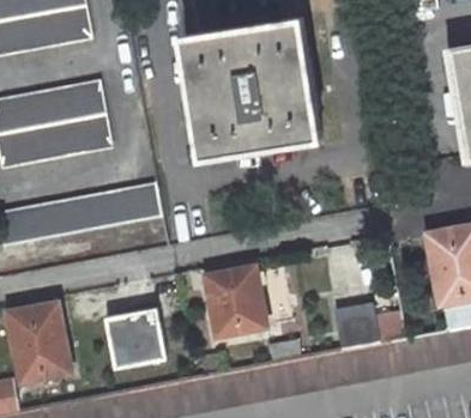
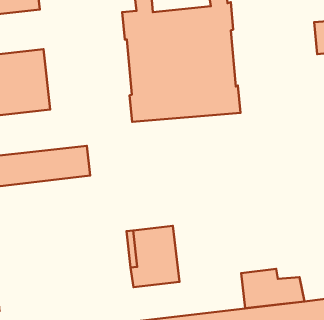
building: [102,308,165,370] -> none

